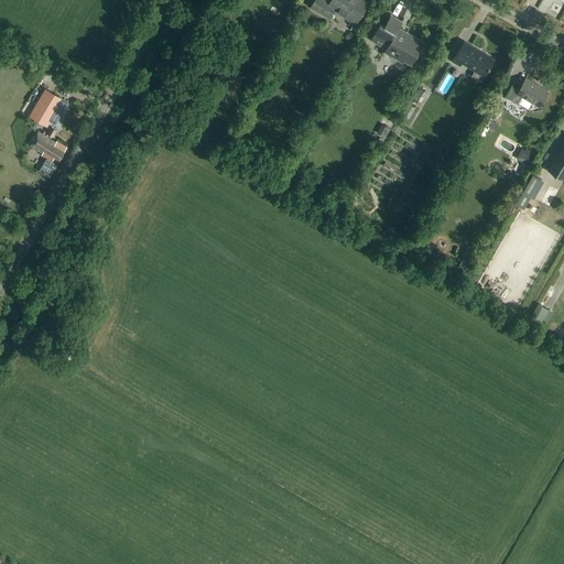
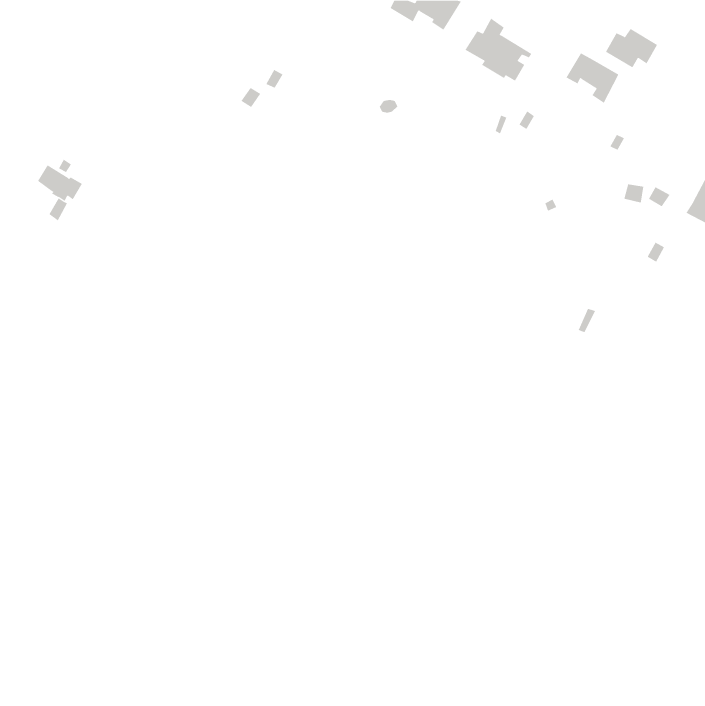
building: [507,78,549,110] -> [605,28,658,68]
building: [34,89,64,120] -> none

